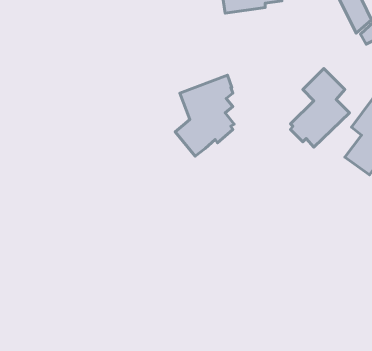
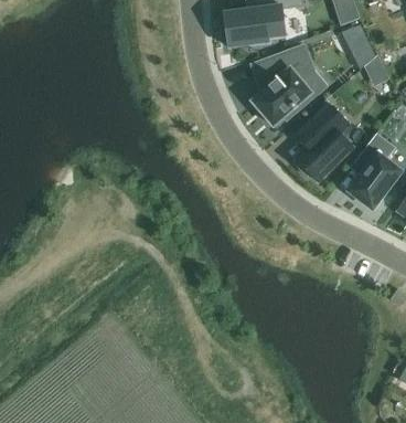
building: [175,75,234,156] -> [253,44,311,125]

